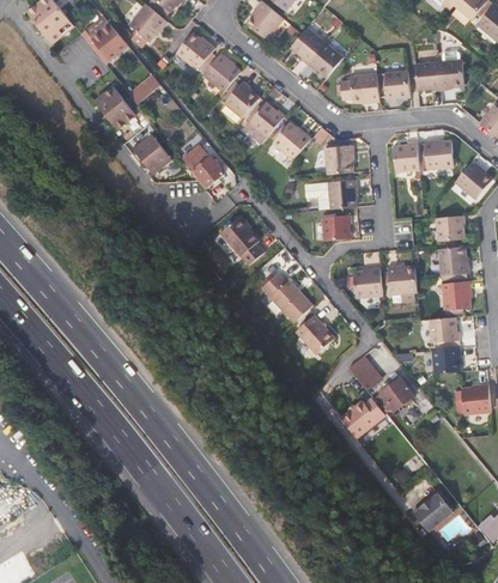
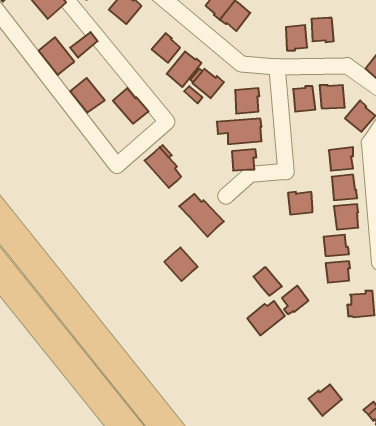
building: [202,51,242,92] -> none
building: [438,53,466,90] -> none
building: [340,73,379,102] -> none
building: [353,268,382,297] -> none
building: [294,312,334,352] -> [164,247,198,281]

